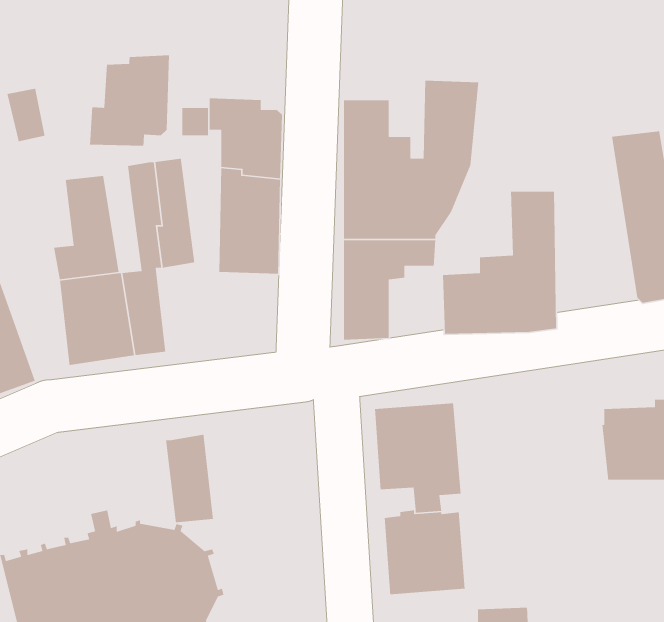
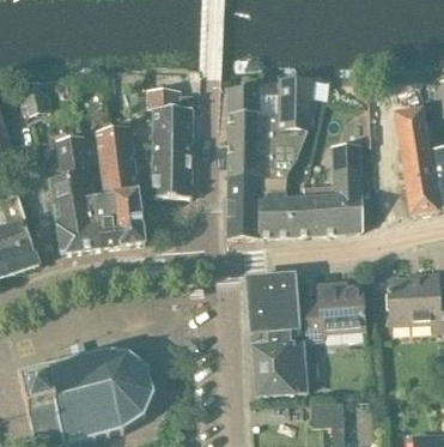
building: [89,54,170,146] -> none
building: none -> [257,192,291,236]
building: none -> [305,280,364,338]
building: [165,434,214,523] -> [114,189,144,244]

